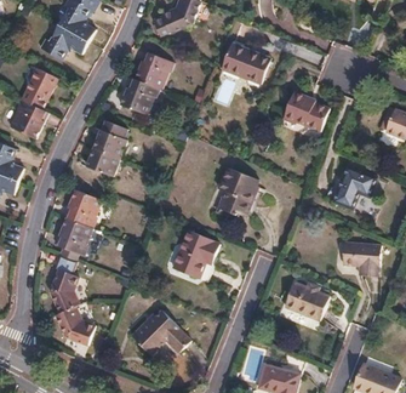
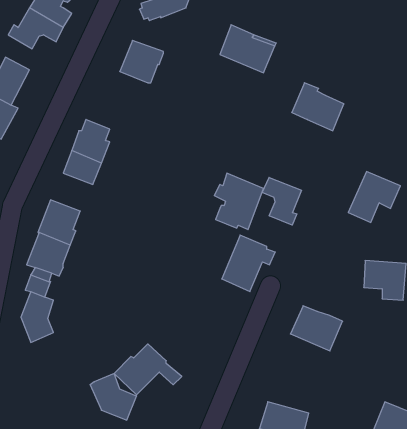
building: [121,76,160,114] -> none
building: none -> [262,177,302,225]
building: [173,229,219,278] -> [222,235,275,292]
building: [56,304,96,344] -> [90,374,137,420]

